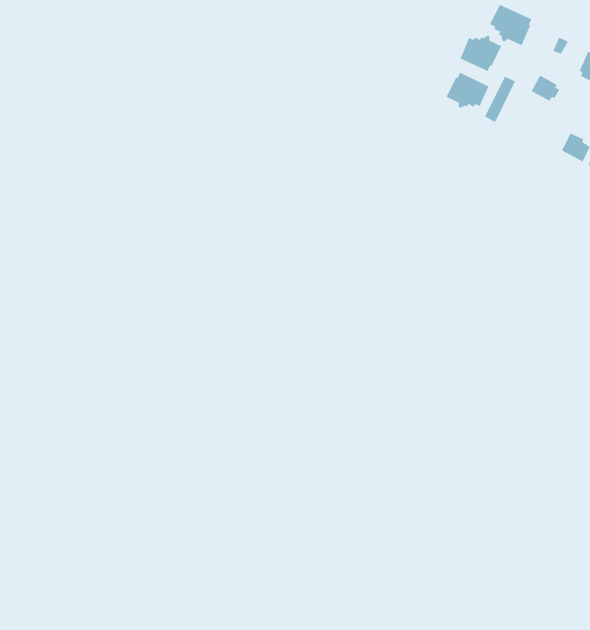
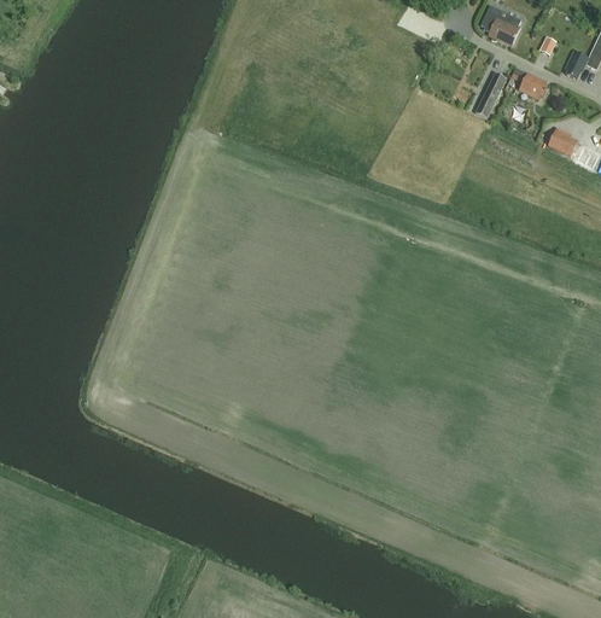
building: [460,35,502,72] -> none
building: [446,72,489,109] -> none

